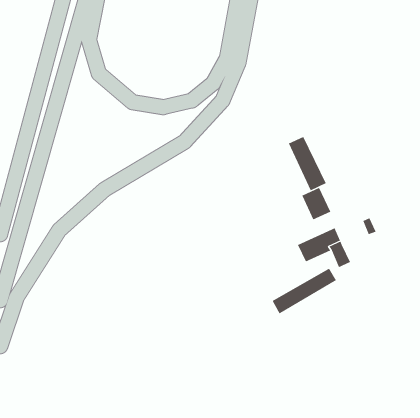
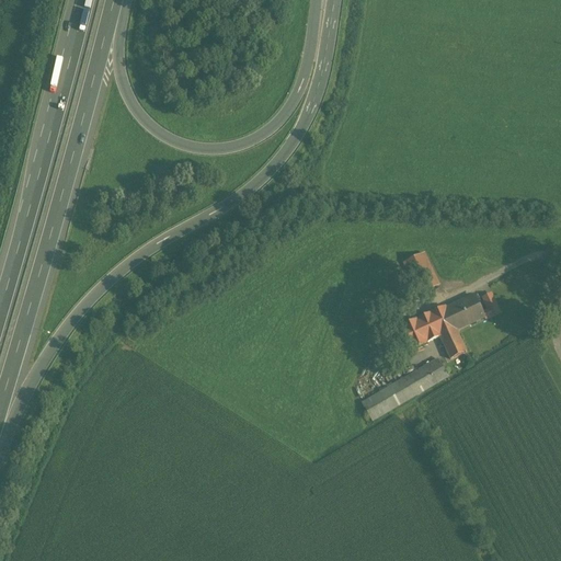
building: [288,136,326,191] -> none
building: none -> [448,293,485,325]

